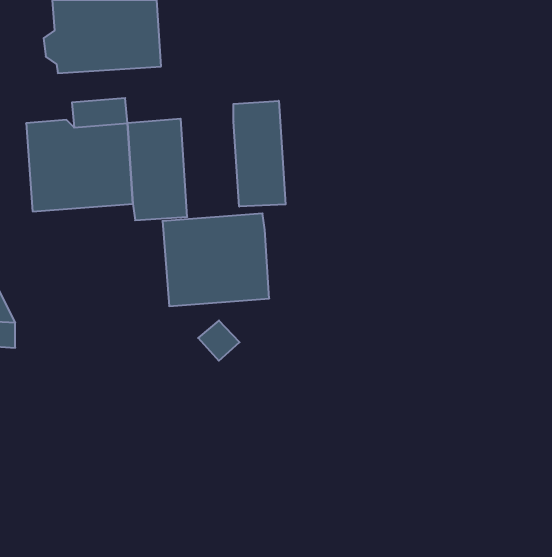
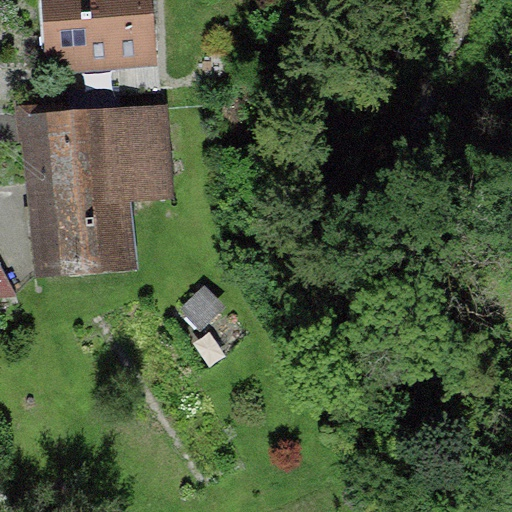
building: [233,101,286,207] -> none
building: [162,213,269,306] -> [30,187,128,272]

